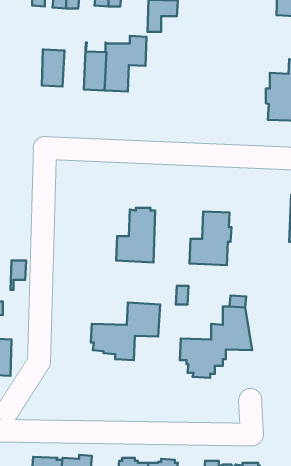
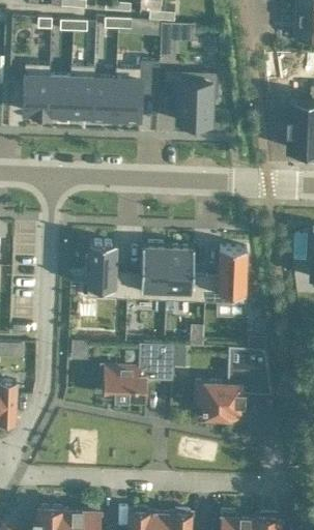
building: none -> [23,65,50,116]
building: none -> [69,67,94,118]
building: none -> [164,72,217,124]
building: none -> [85,242,127,299]
building: none -> [166,246,205,302]

